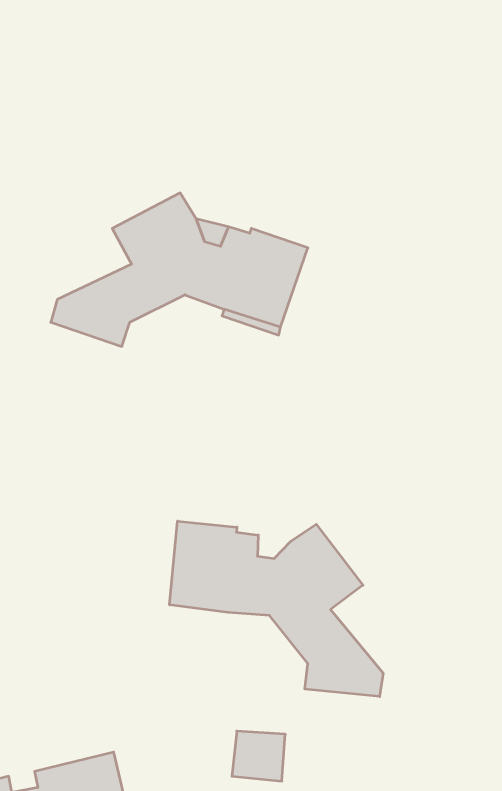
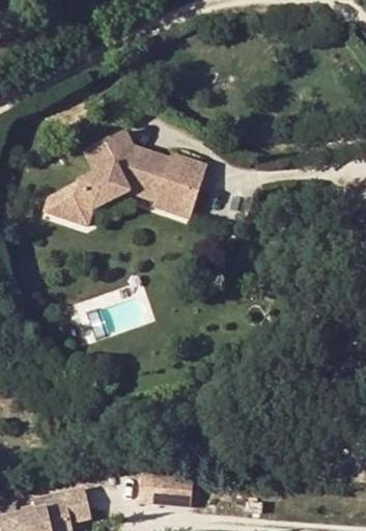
building: [170,521,383,697] -> none

